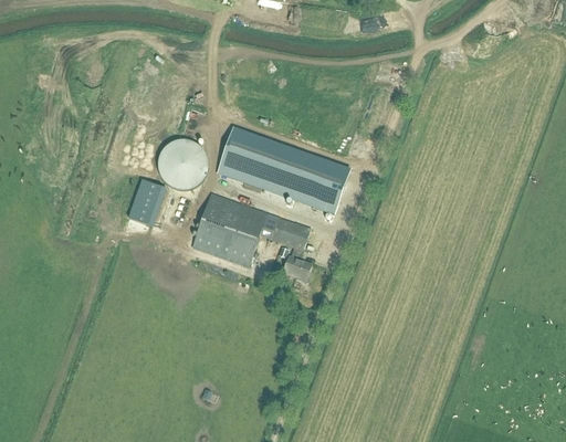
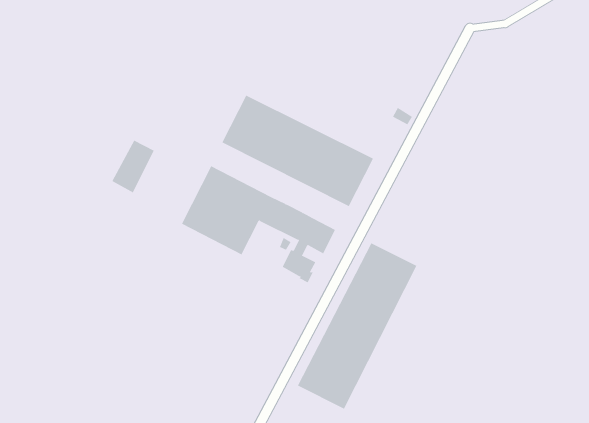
building: [158,139,202,188] -> none
building: none -> [297,242,417,410]

